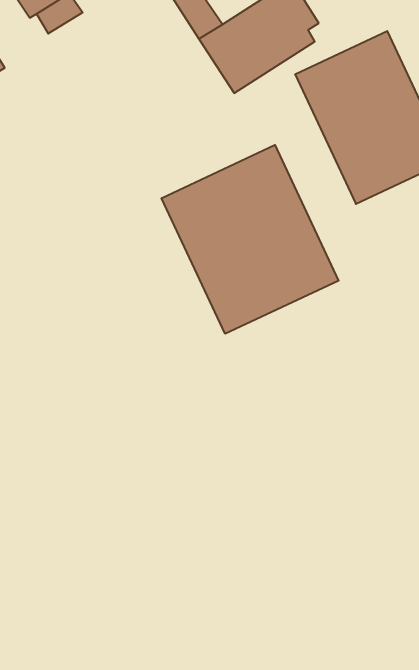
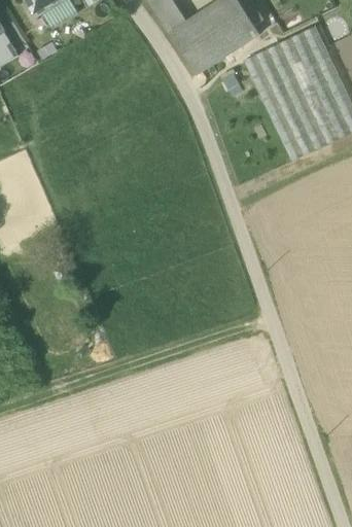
building: [162,145,339,334] -> none

